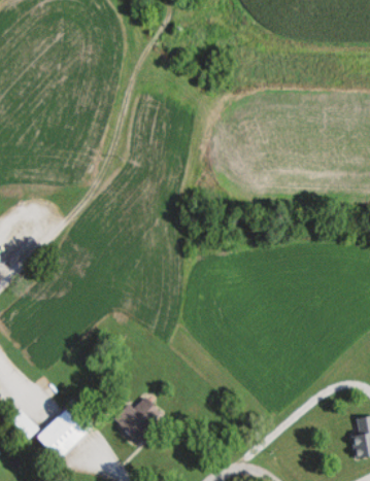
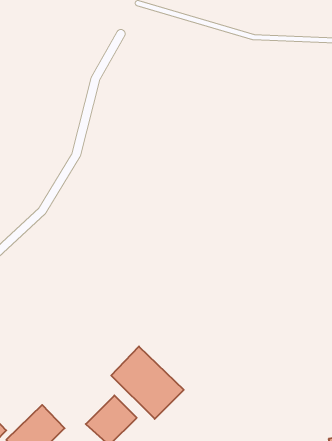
building: none -> [111,346,184,419]

